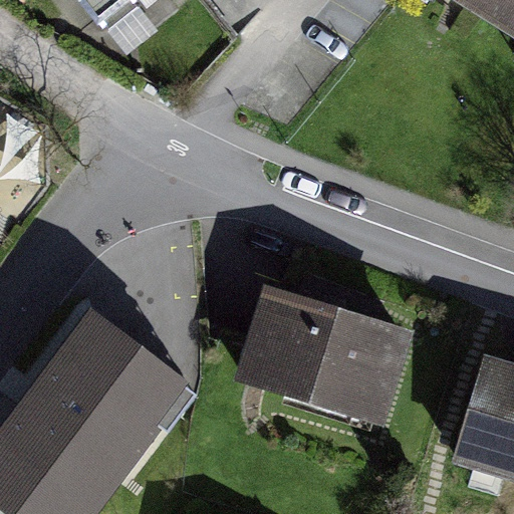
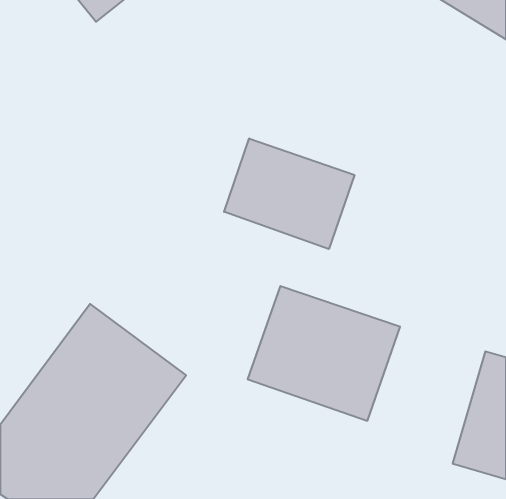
building: none -> [224,138,354,249]

